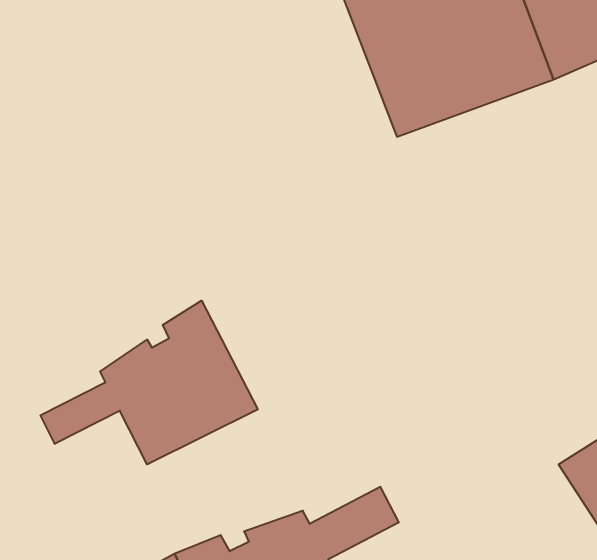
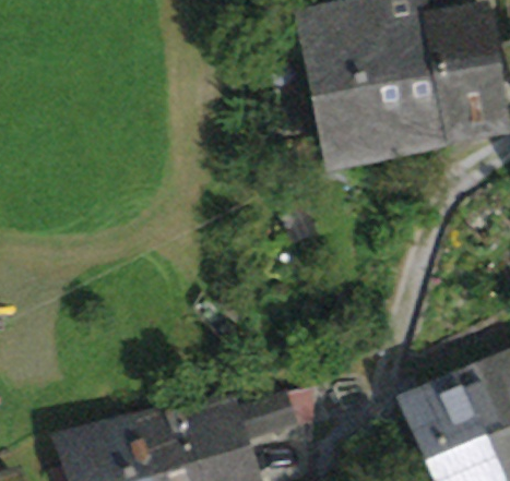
building: [40,301,258,464] -> none

